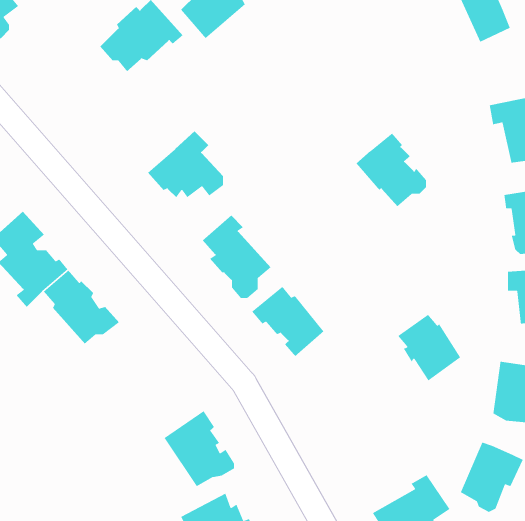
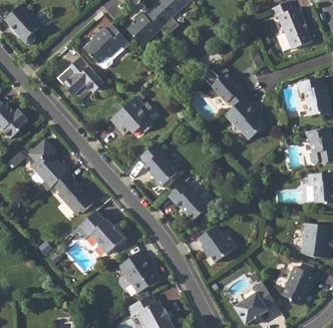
building: none -> [57,57,101,98]
building: none -> [210,72,245,106]
building: [397,314,461,381] -> [198,226,233,263]
building: none -> [79,210,124,253]

